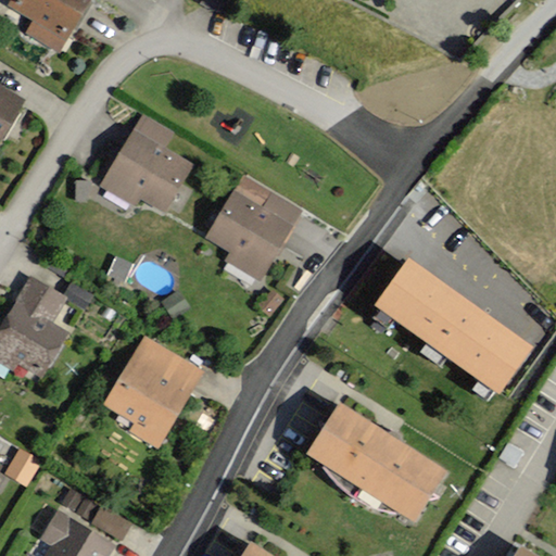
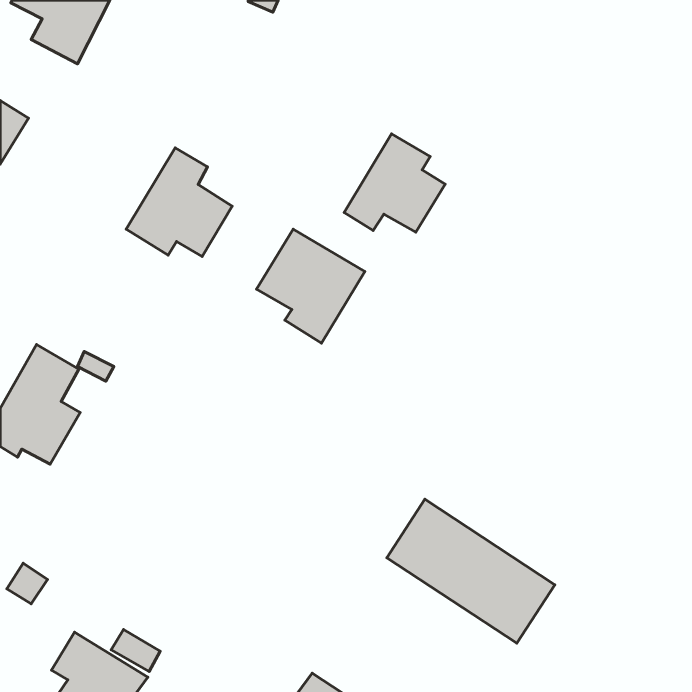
building: none -> [344,134,445,232]
building: [369,258,521,389] -> none
building: [105,338,202,438] -> none

